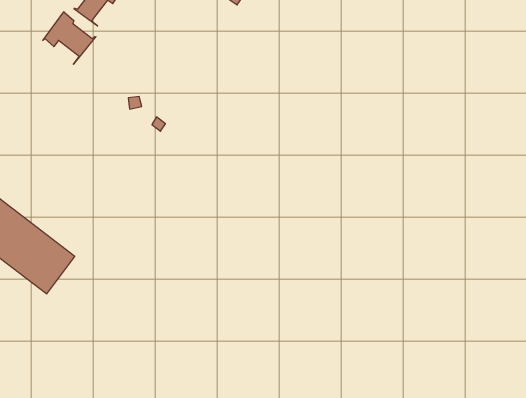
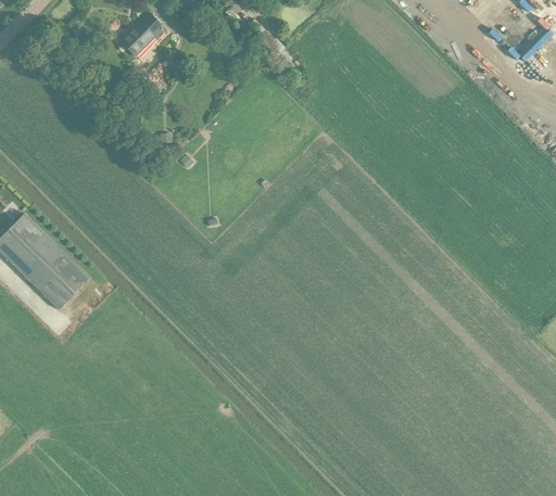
building: [43,12,96,64] -> none

